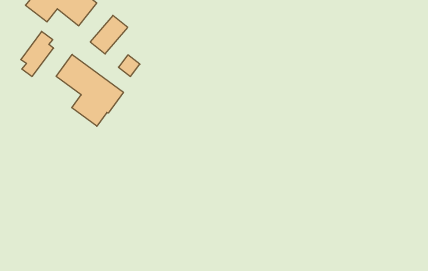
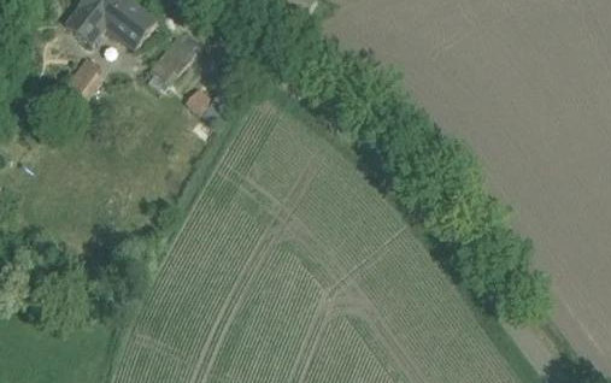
building: [56,54,123,126] -> none

